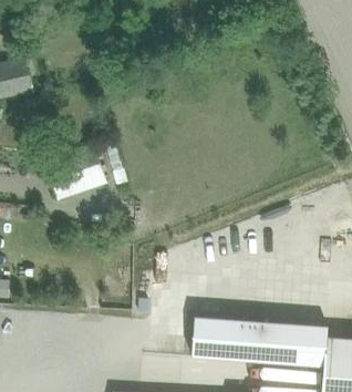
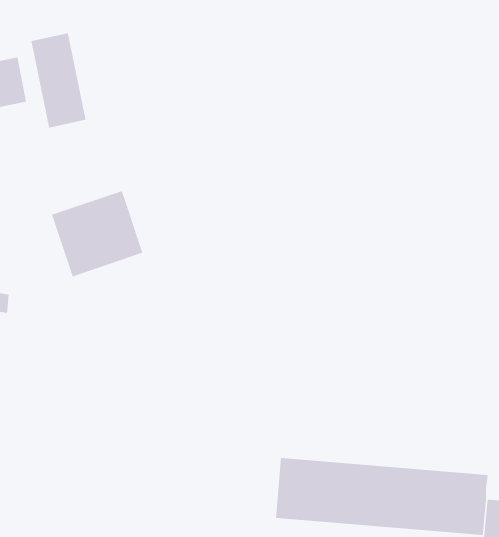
building: none -> [31,32,86,128]

